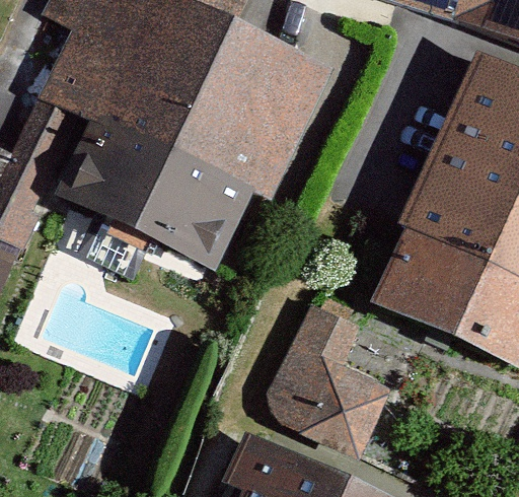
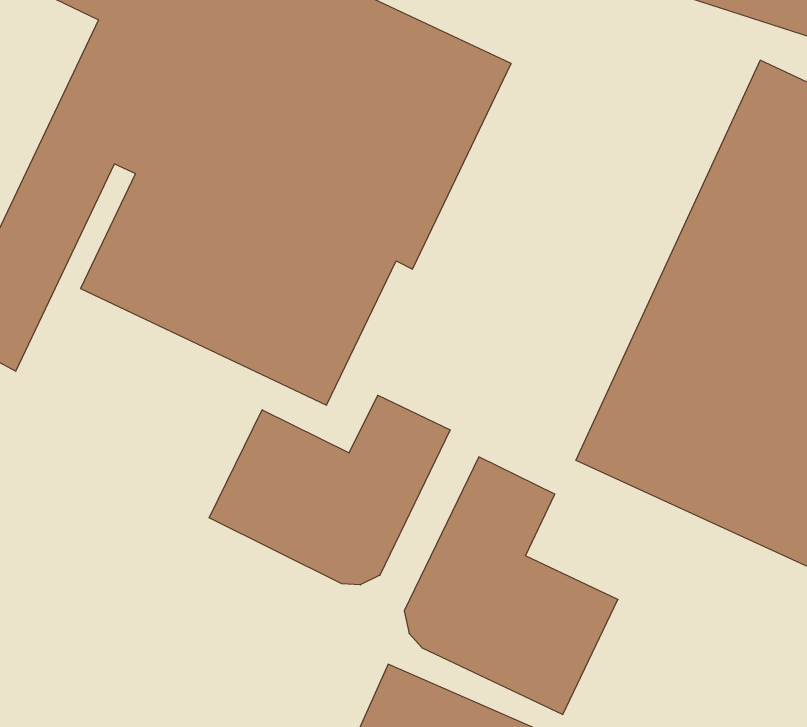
building: none -> [209,395,450,585]

